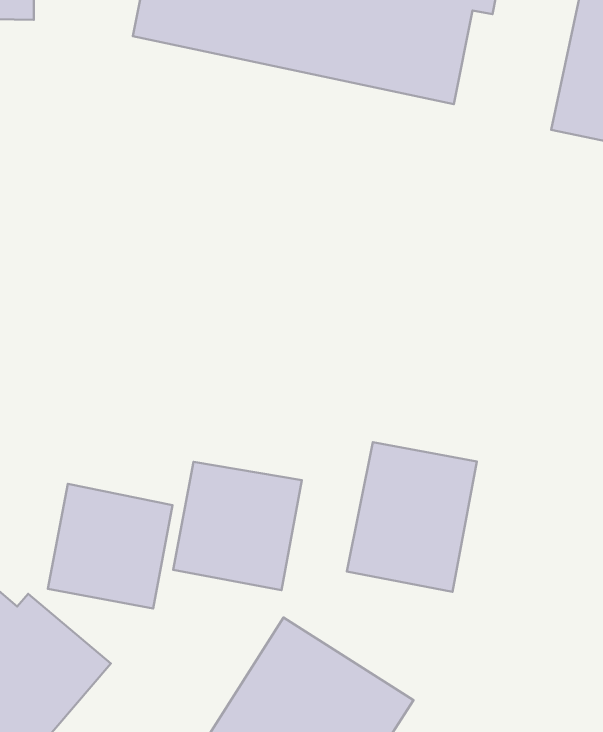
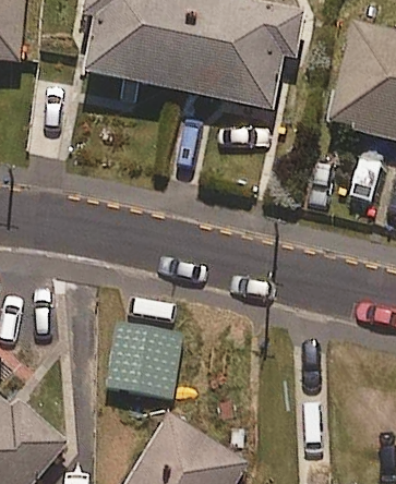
building: [347,442,477,592] -> none
building: [48,484,173,608] -> none

